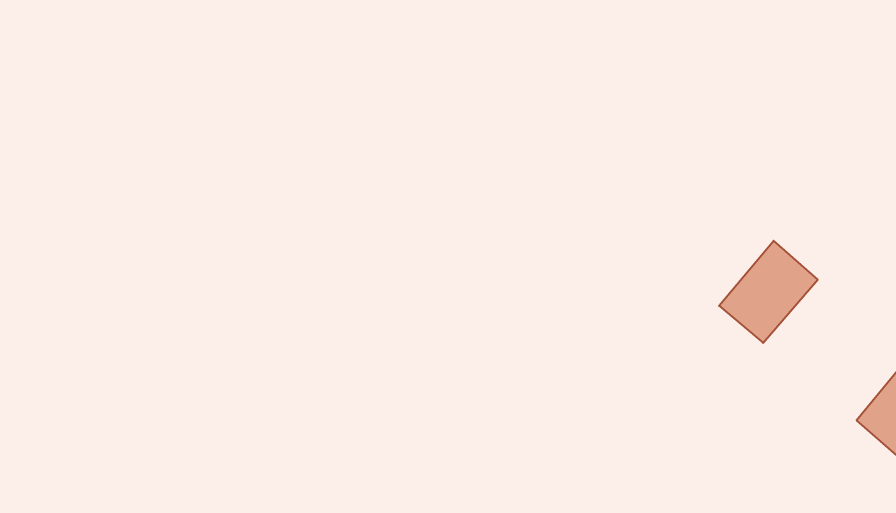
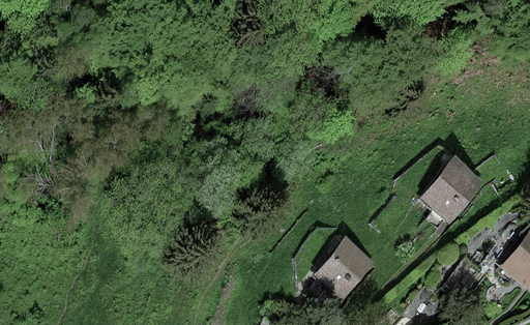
building: none -> [318,241,373,296]

